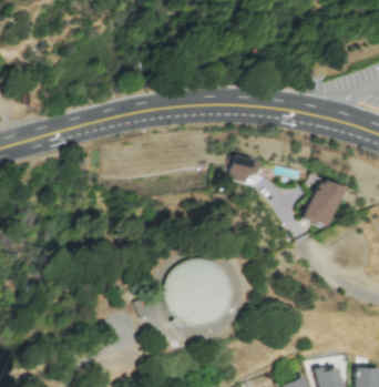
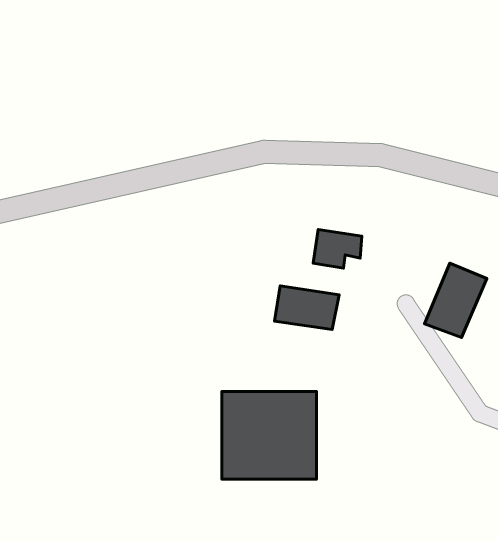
building: none -> [274,286,339,330]

